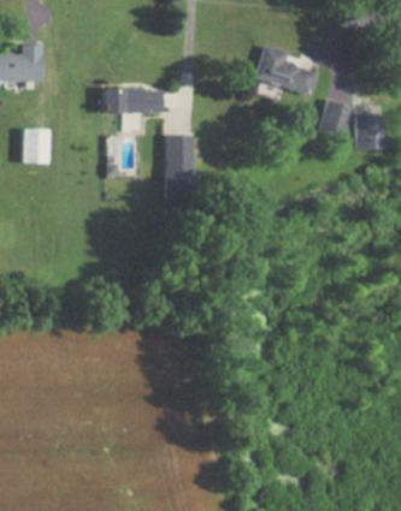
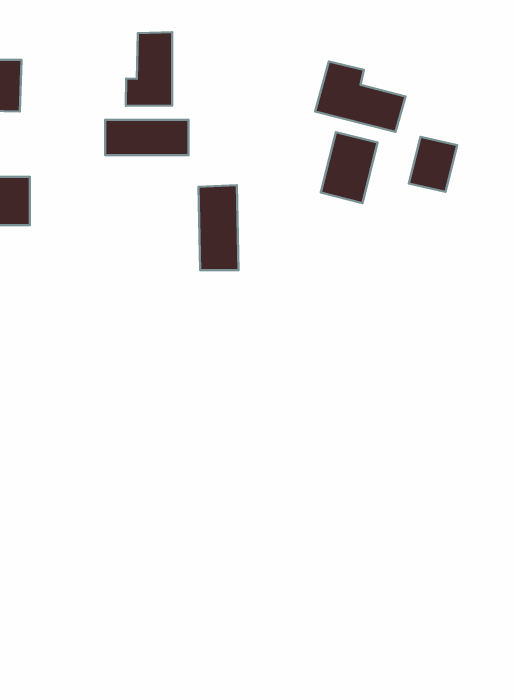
building: none -> [126,32,172,106]
building: none -> [321,132,377,203]
building: [358,115,390,148] -> none

